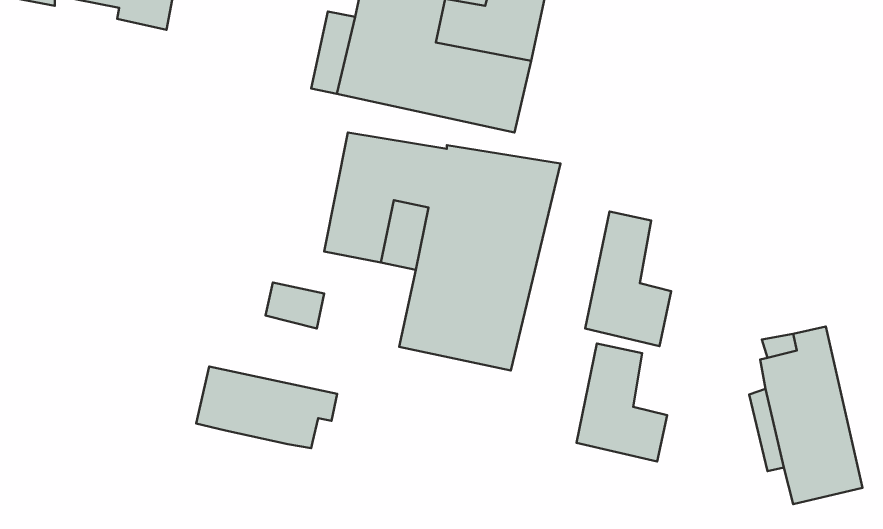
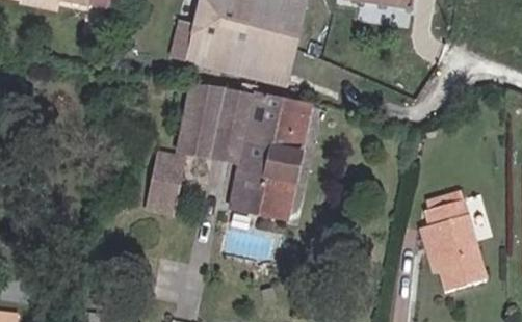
building: [585,211,671,346] -> none
building: [577,344,667,462] -> none
building: [196,366,337,448] -> none

